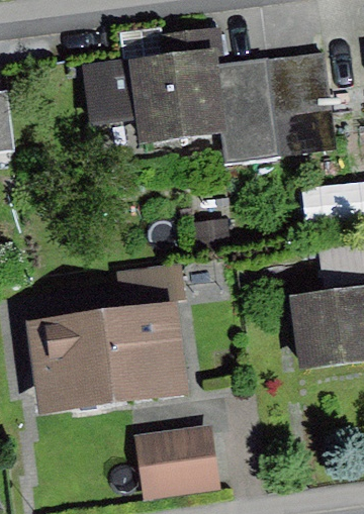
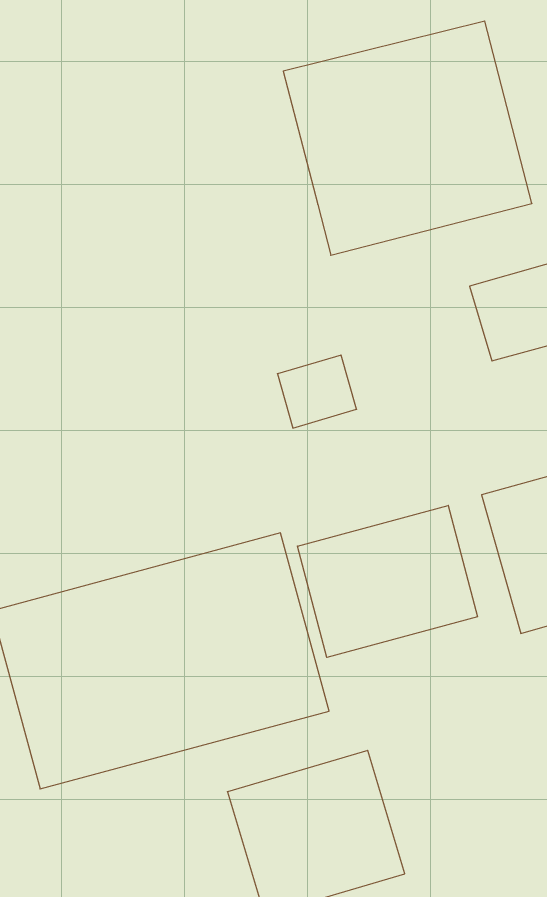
building: [79,49,224,143] -> none
building: none -> [297,505,478,657]

